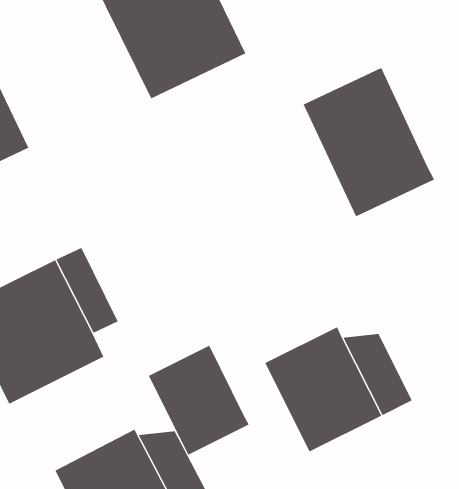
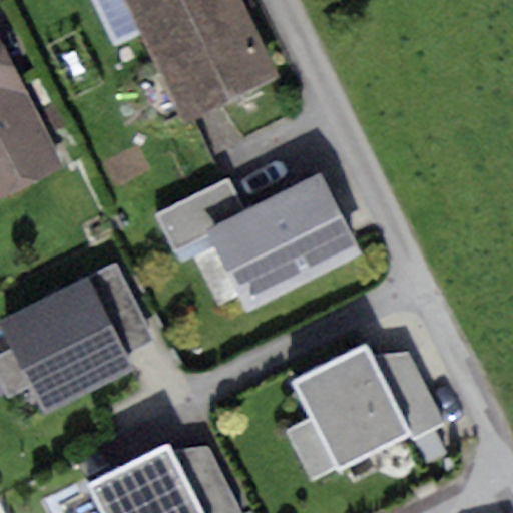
building: [303,67,435,217] -> none
building: none -> [159,182,348,304]
building: [148,345,249,455] -> none

